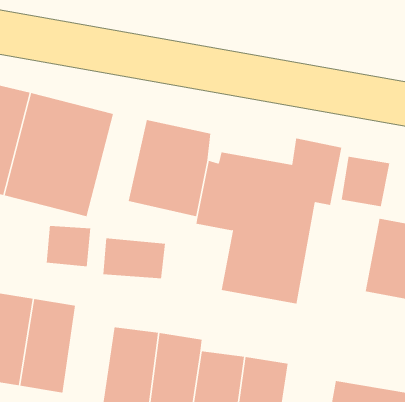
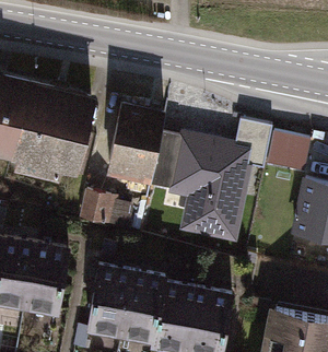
building: [46,225,91,267] -> none

